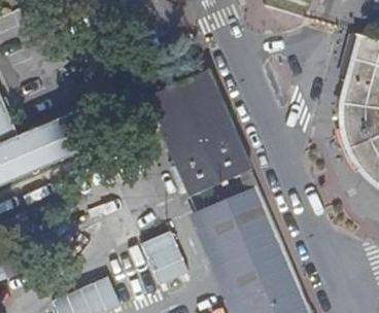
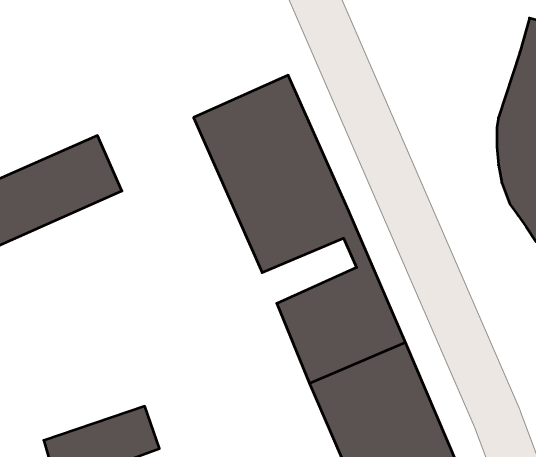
building: [137,218,183,281] -> none

